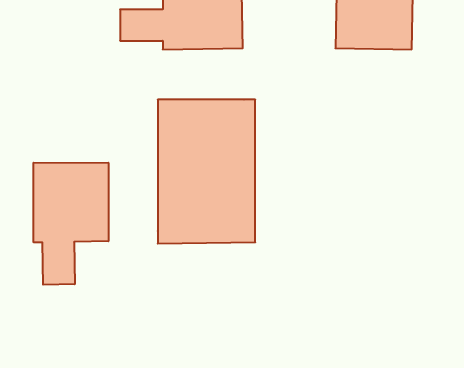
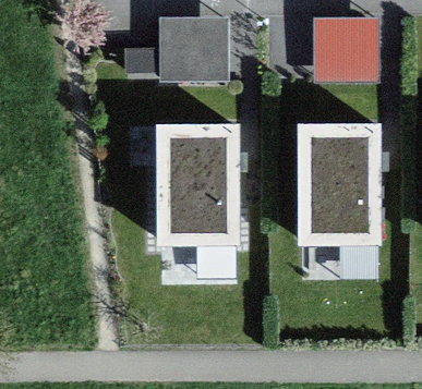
building: none -> [297,126,379,252]
building: [34,163,108,285] -> none

